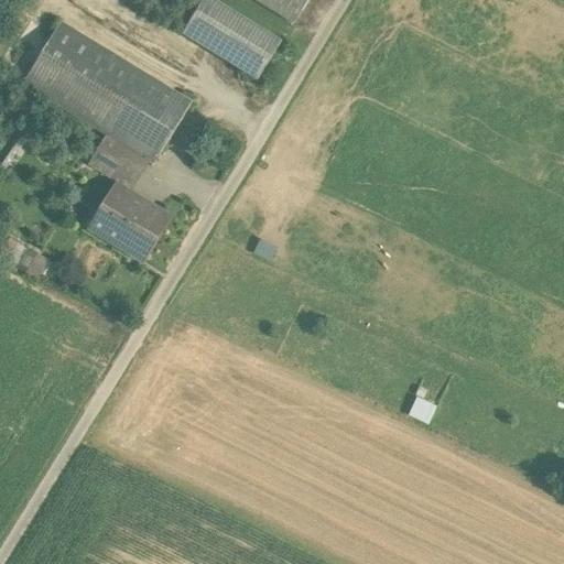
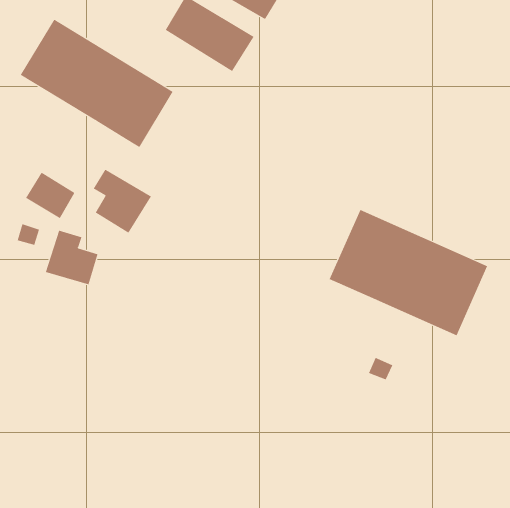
building: [88,133,143,185] -> [25,172,75,219]
building: none -> [329,209,488,336]
building: none -> [45,230,98,285]

